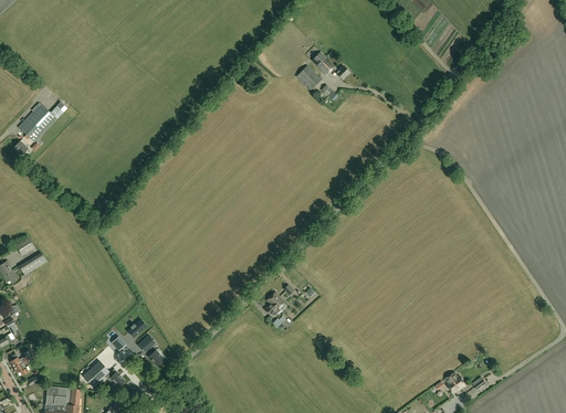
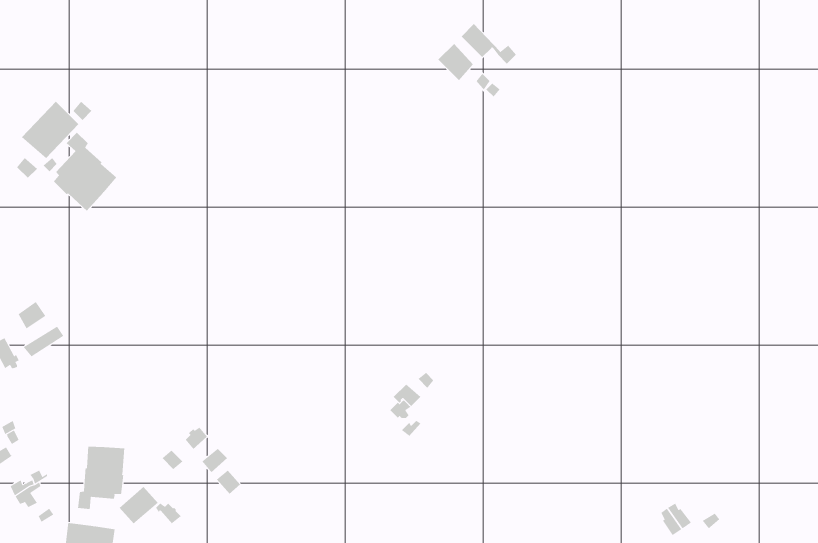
building: none -> [53,132,117,211]
building: none -> [78,446,125,510]

